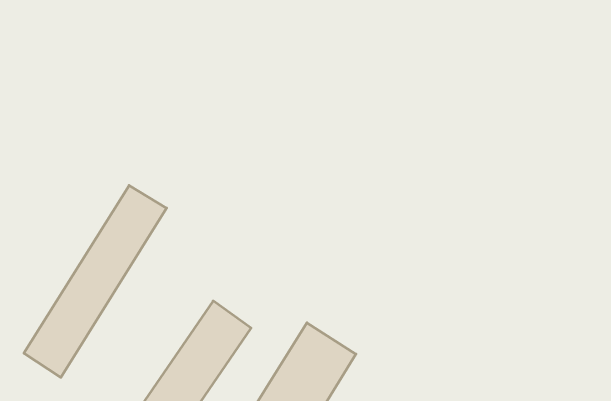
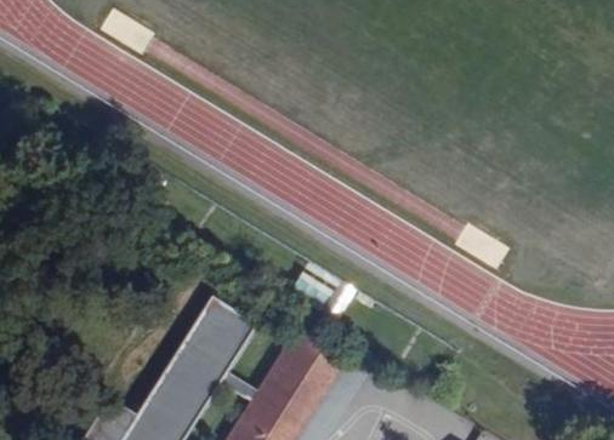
building: [24,185,167,377] -> none

